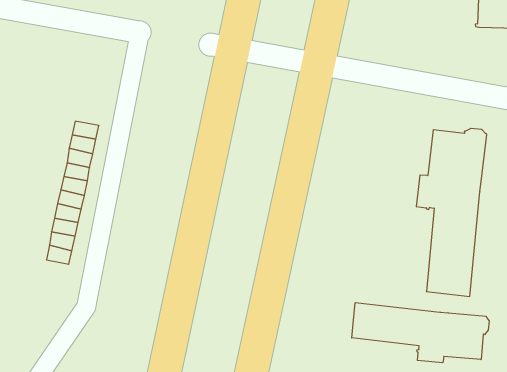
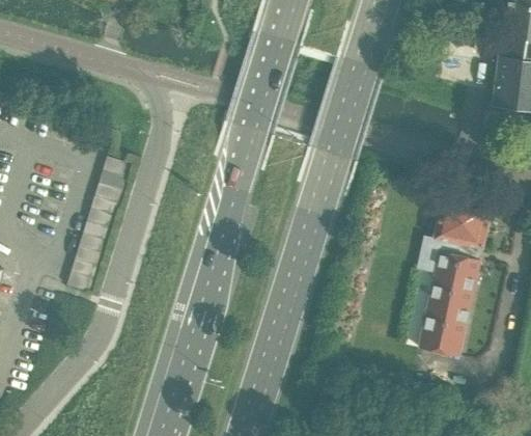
building: [352,303,489,363] -> none

